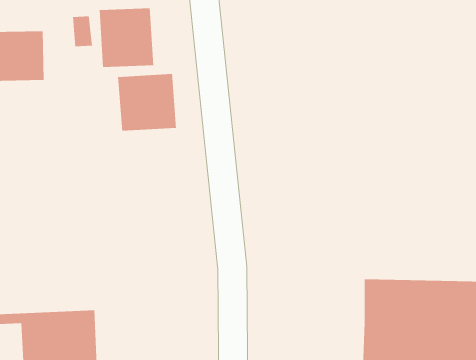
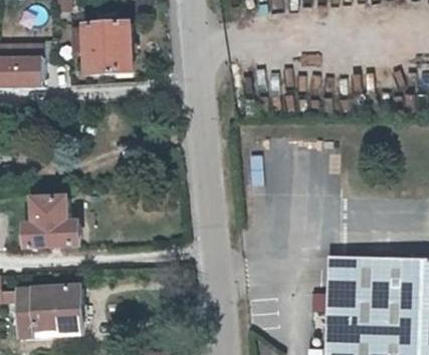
building: [118,73,176,132] -> none
building: none -> [28,199,79,249]

